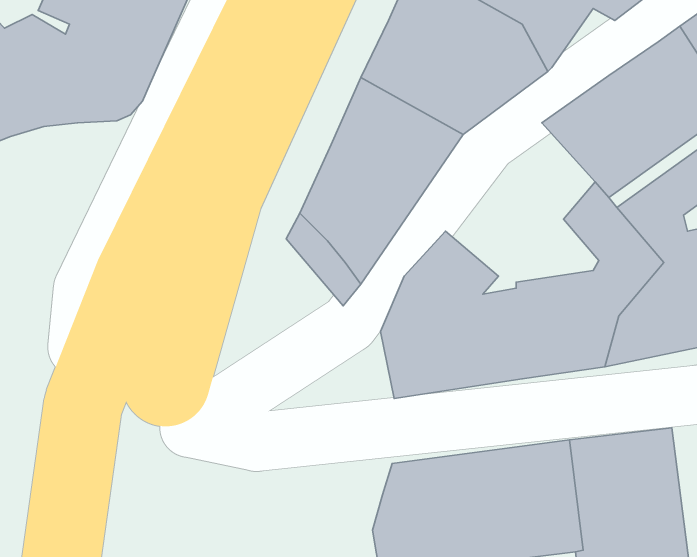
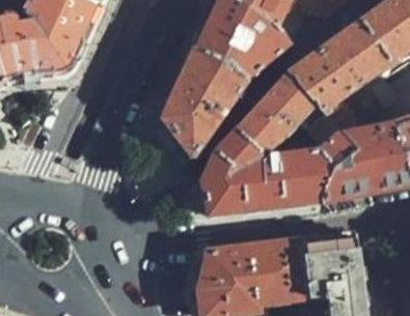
building: none -> [236,71,315,152]

